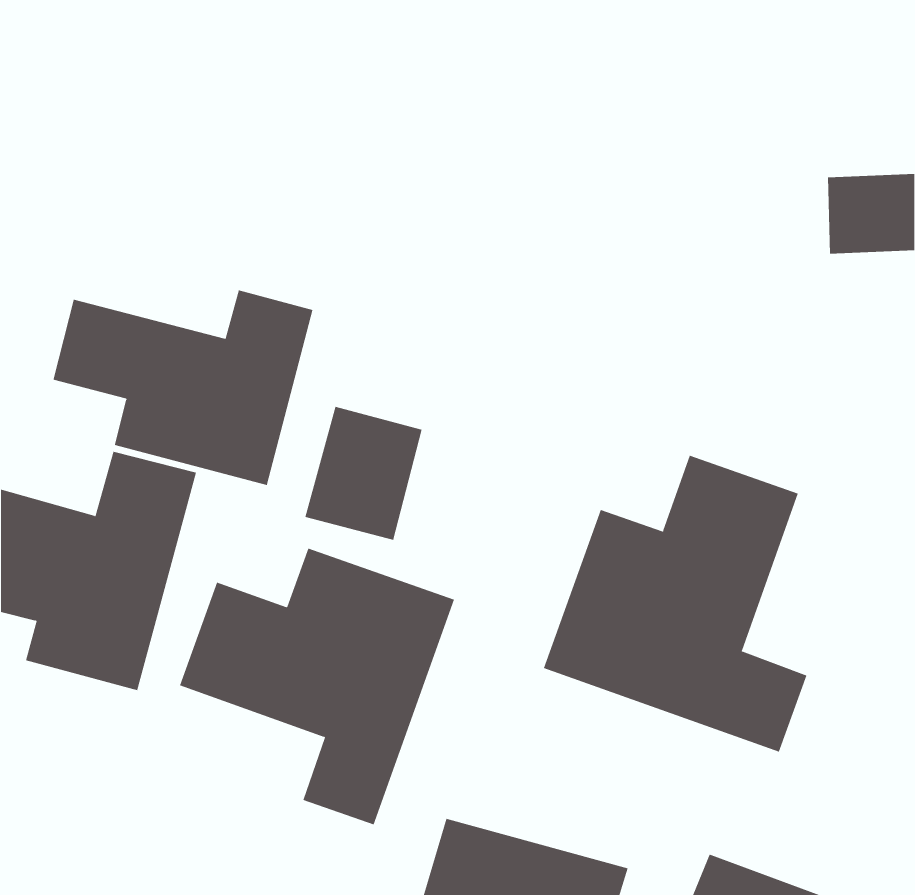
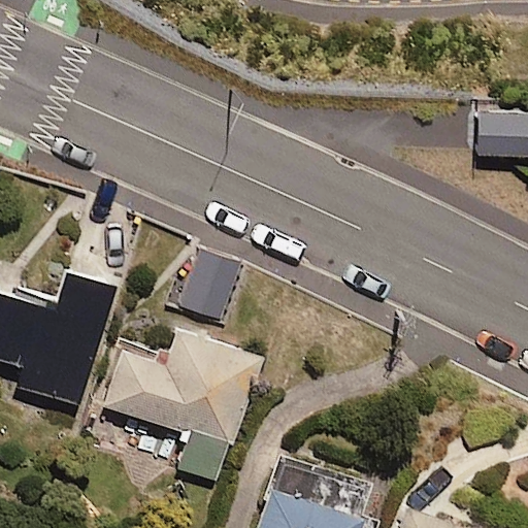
building: [53,290,313,486] -> none
building: [543,455,807,753] -> none

